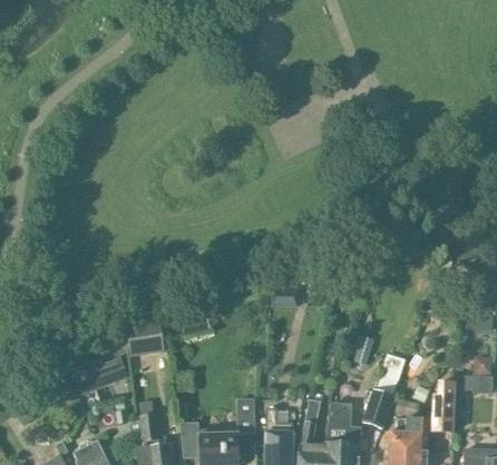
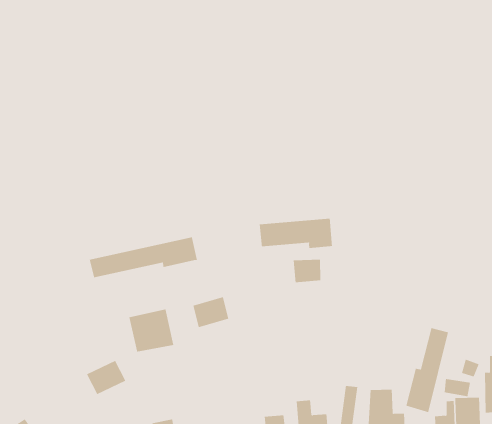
building: none -> [259,218,333,249]
building: none -> [89,236,197,278]

